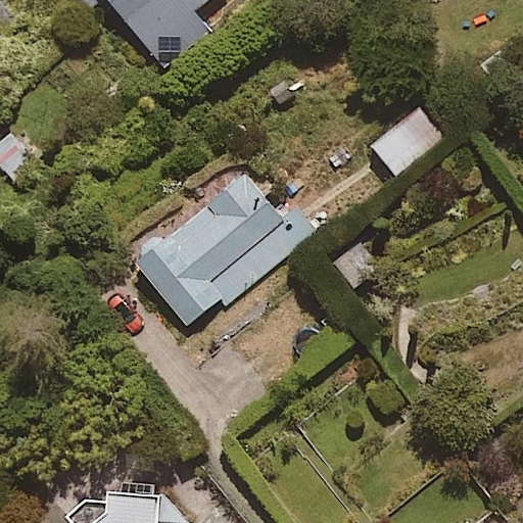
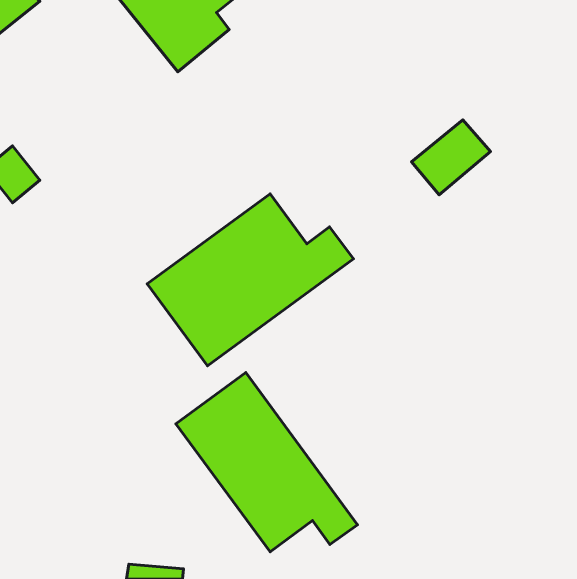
building: none -> [176,373,358,552]

